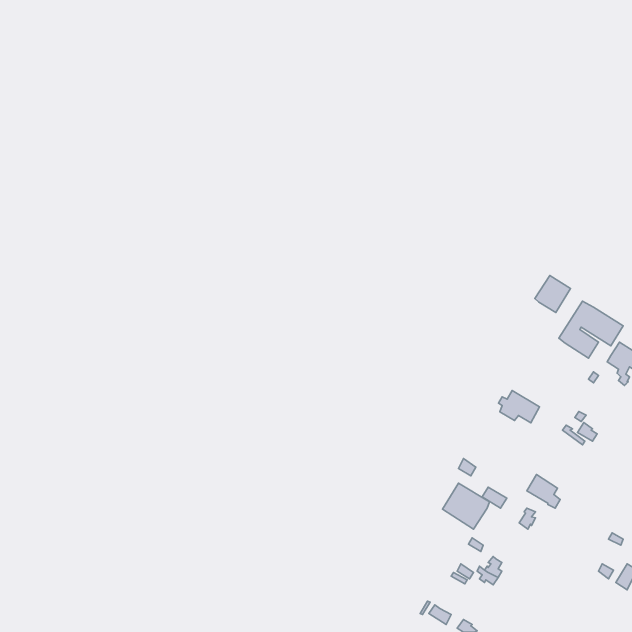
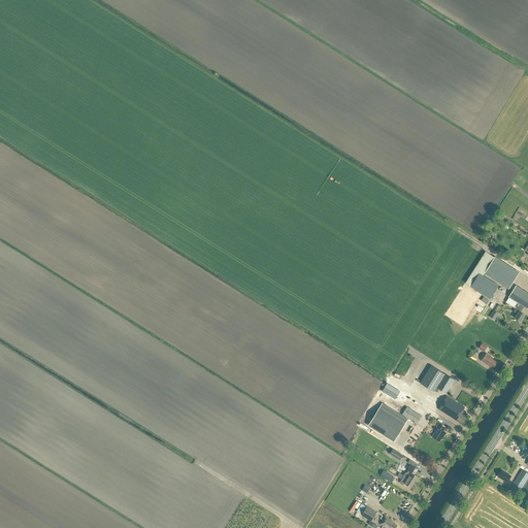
building: [535,276,570,312] -> none
building: [499,391,539,423] -> [421,365,455,392]

